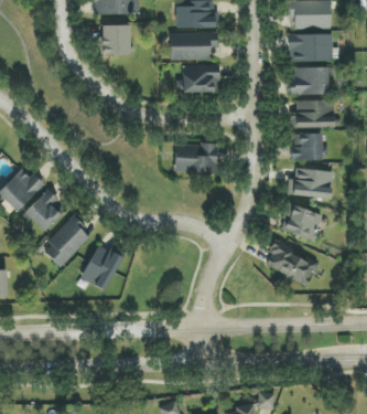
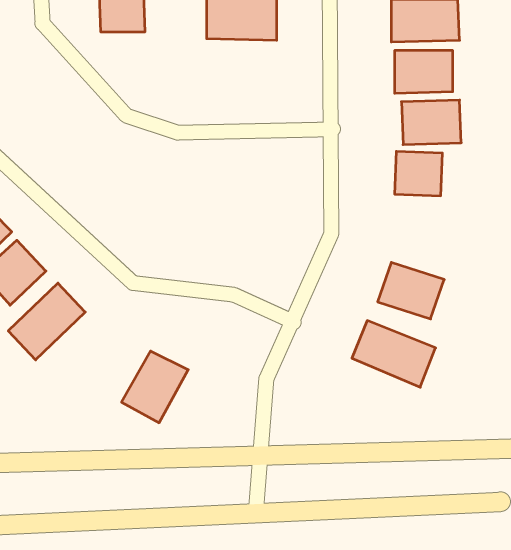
building: [182,65,219,93] -> none
building: [174,144,217,172] -> none
building: [288,168,333,199] -> none
building: [79,245,122,291] -> [122,351,188,423]

